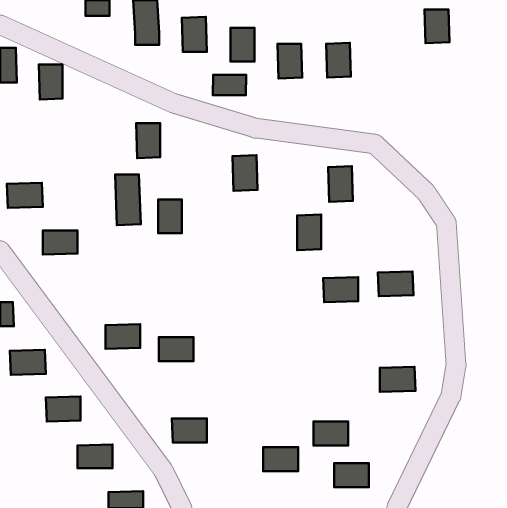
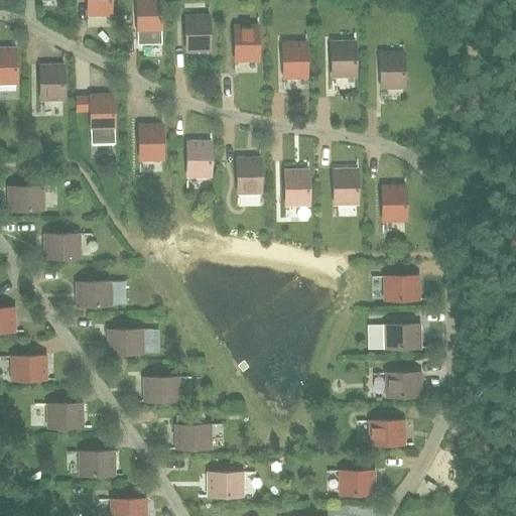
building: [425,9,449,43] -> [380,54,405,89]
building: [213,75,246,95] -> none
building: [115,174,141,225] -> [90,95,116,146]
building: none -> [382,185,407,221]
building: [158,199,182,233] -> [187,142,212,176]
building: [297,214,321,250] -> [285,169,309,206]
building: [323,277,358,302] -> [385,324,420,349]
building: none -> [76,281,112,306]
building: [159,337,194,361] -> [144,377,179,401]
building: [313,422,348,445] -> [370,420,405,444]
building: [263,447,298,471] -> [208,472,243,496]

